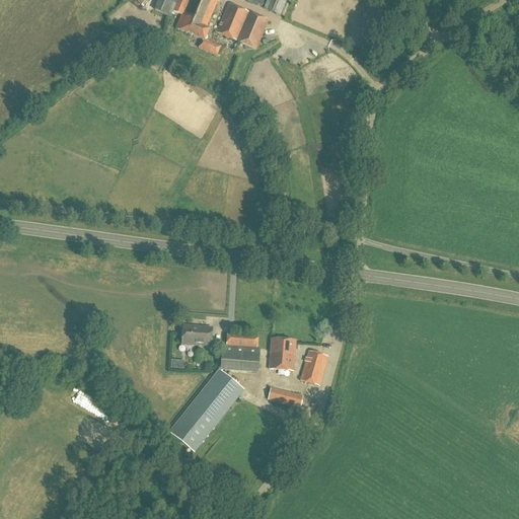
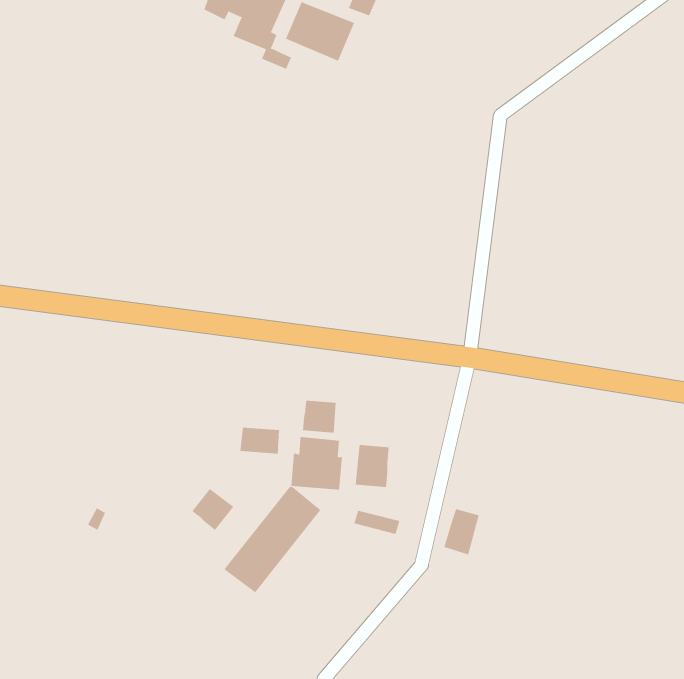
building: none -> [302,400,336,434]
building: [300,349,327,384] -> [443,508,480,555]
building: none -> [192,488,234,531]

